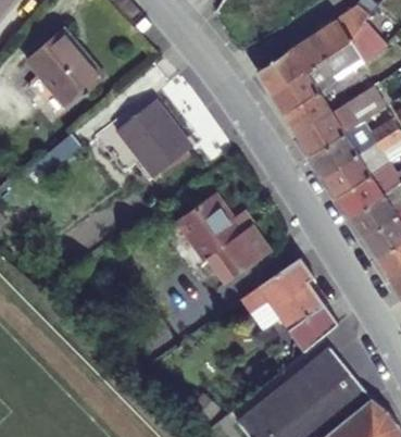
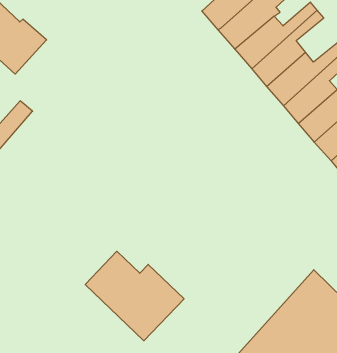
building: [113,101,188,177] -> none
building: [174,191,270,284] -> [85,251,184,341]
building: [241,257,339,351] -> none

